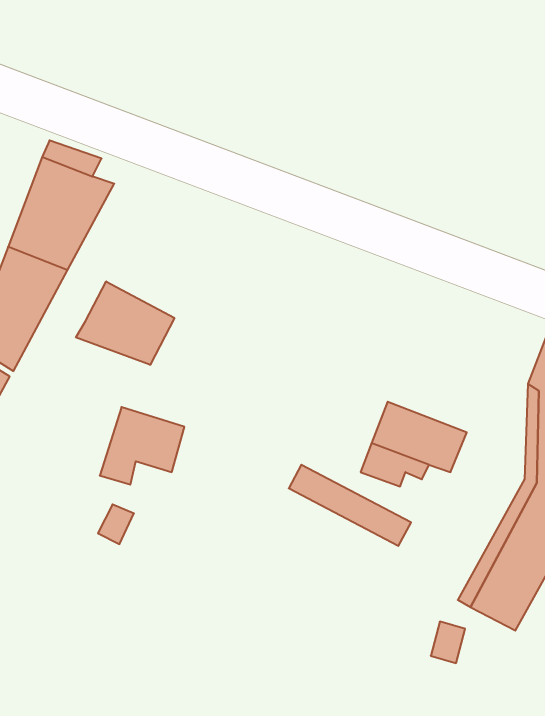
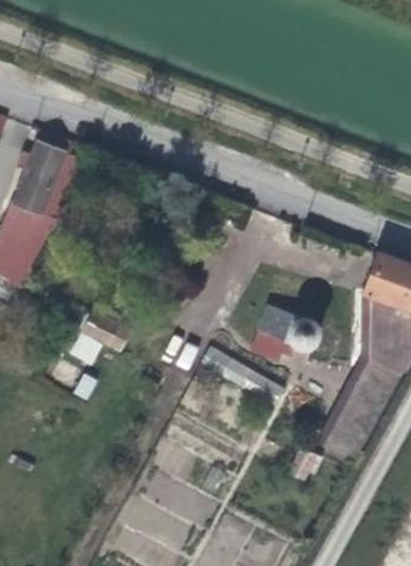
building: [76,281,174,365] -> none

